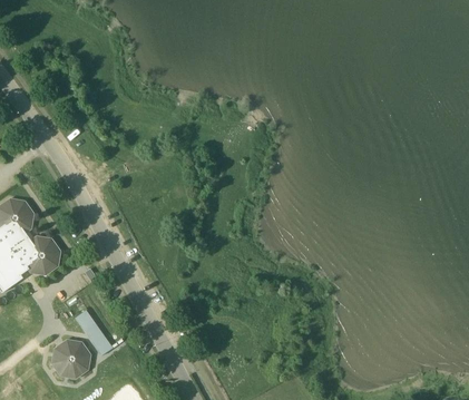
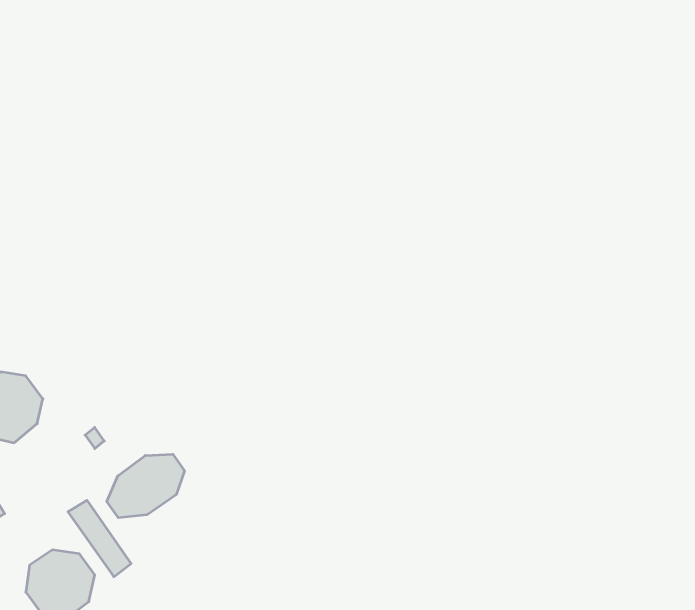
building: none -> [107,454,184,518]

